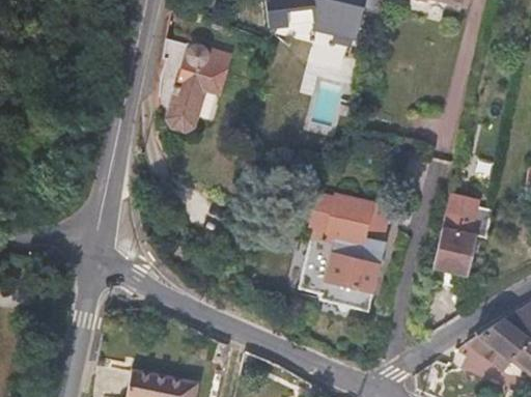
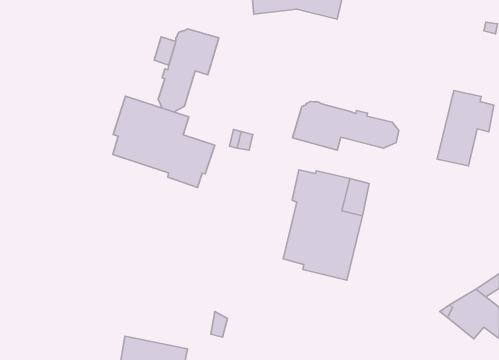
building: none -> [113,96,215,187]
building: none -> [292,101,399,150]
building: [432,195,493,275] -> [437,91,494,166]

